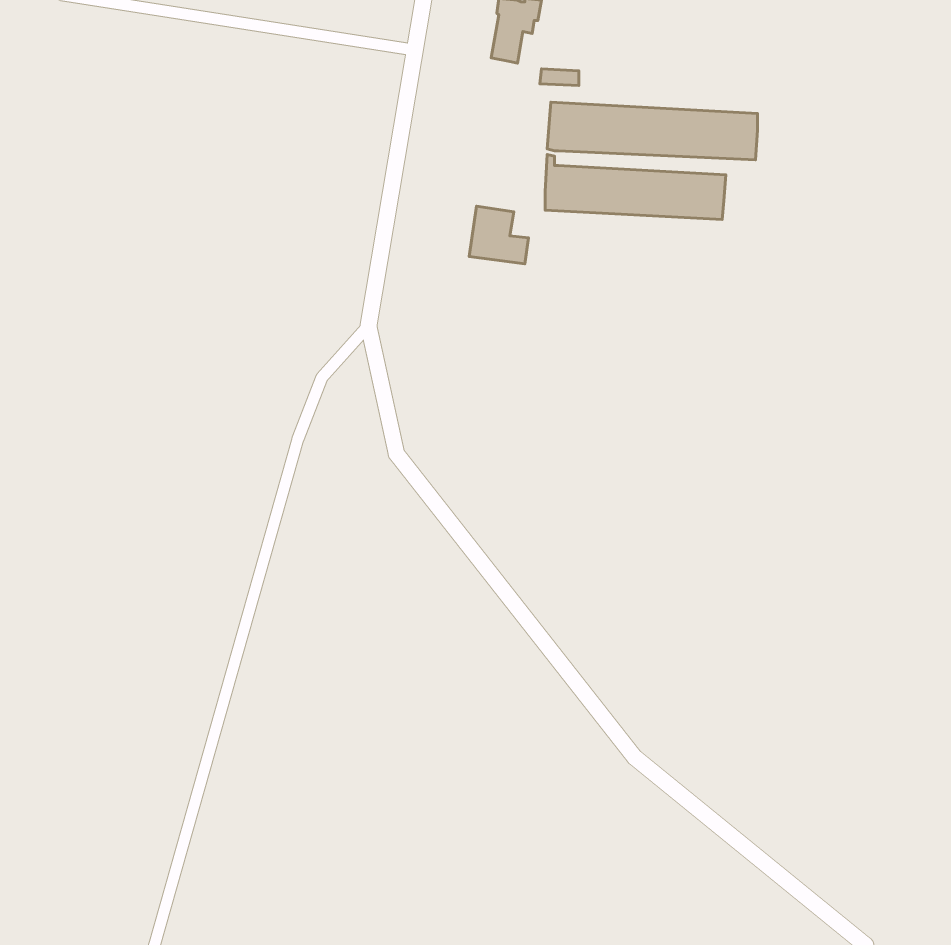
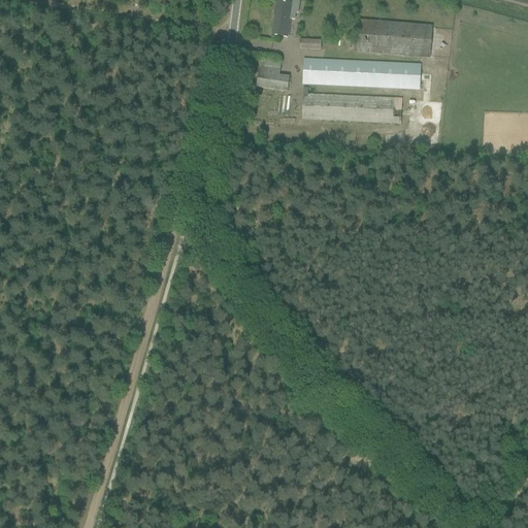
building: none -> [357,18,432,56]
building: [469,206,529,264] -> [256,57,289,89]

